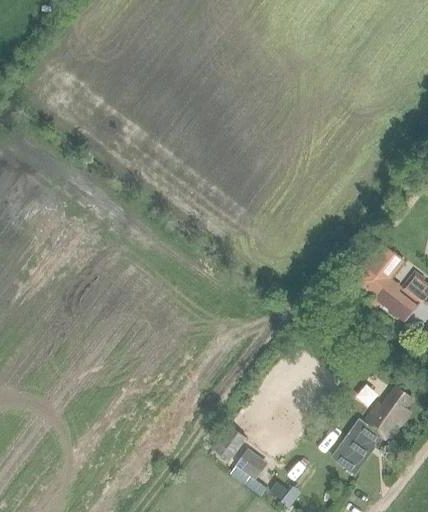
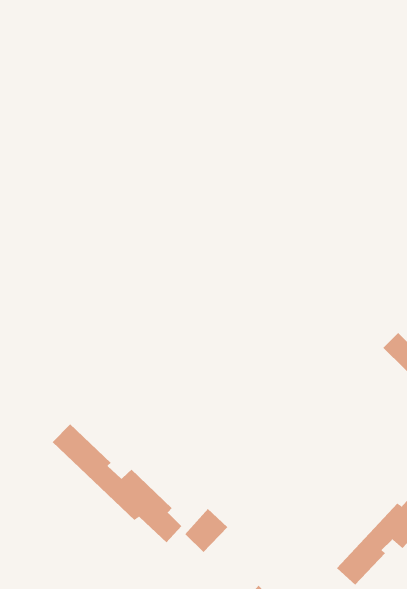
building: none -> [52,424,182,543]
building: [235,447,267,478] -> none

